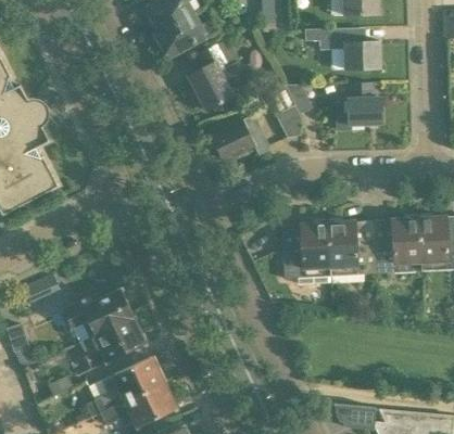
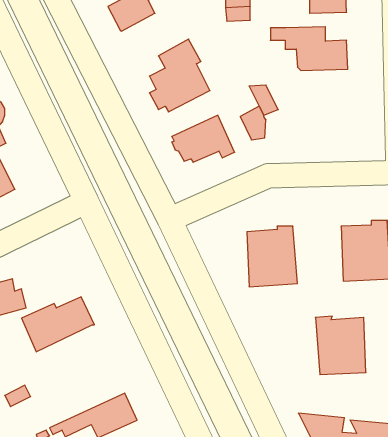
building: [155,15,218,58] -> none
building: [335,82,381,131] -> none
building: [327,220,376,277] -> [315,316,366,375]
building: [78,317,146,369] -> none
building: [86,357,164,417] -> none

